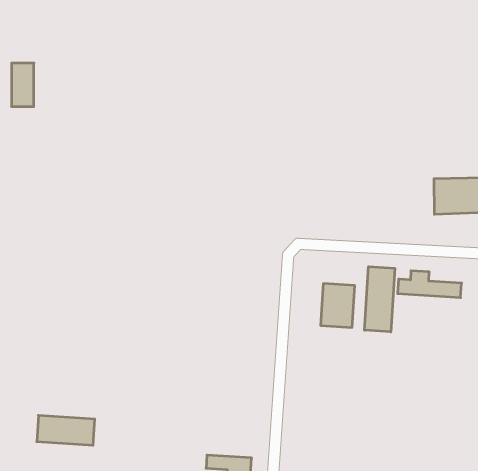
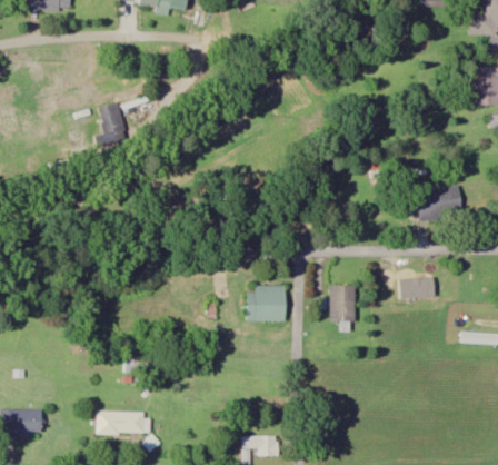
building: [11,63,34,107] -> [100,105,121,142]
building: [365,267,395,332] -> none
building: none -> [247,287,287,321]

